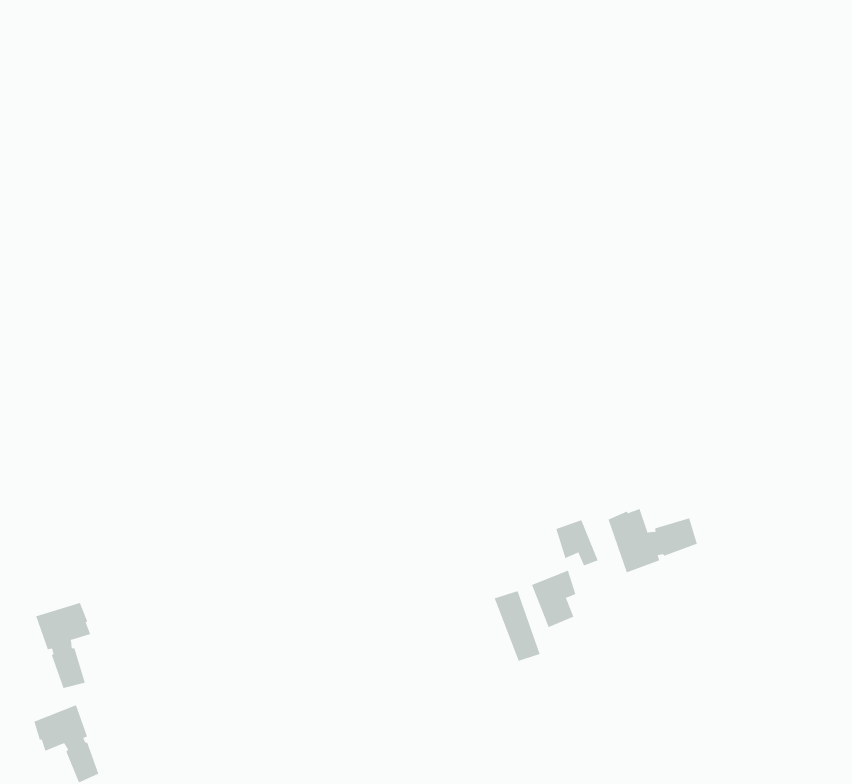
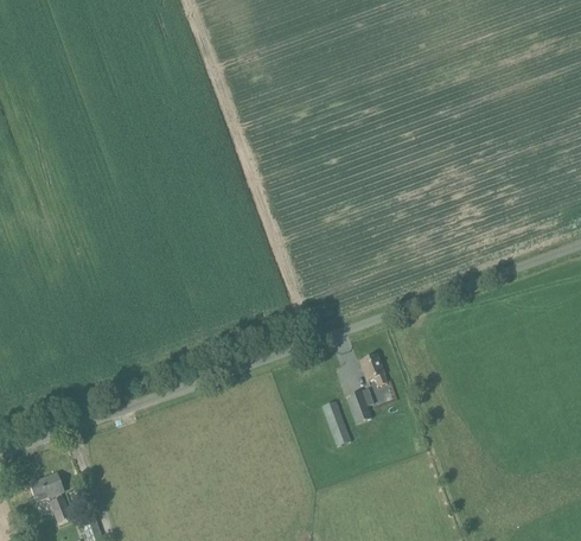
building: [608,508,697,573] -> none
building: [36,602,91,689] -> none

